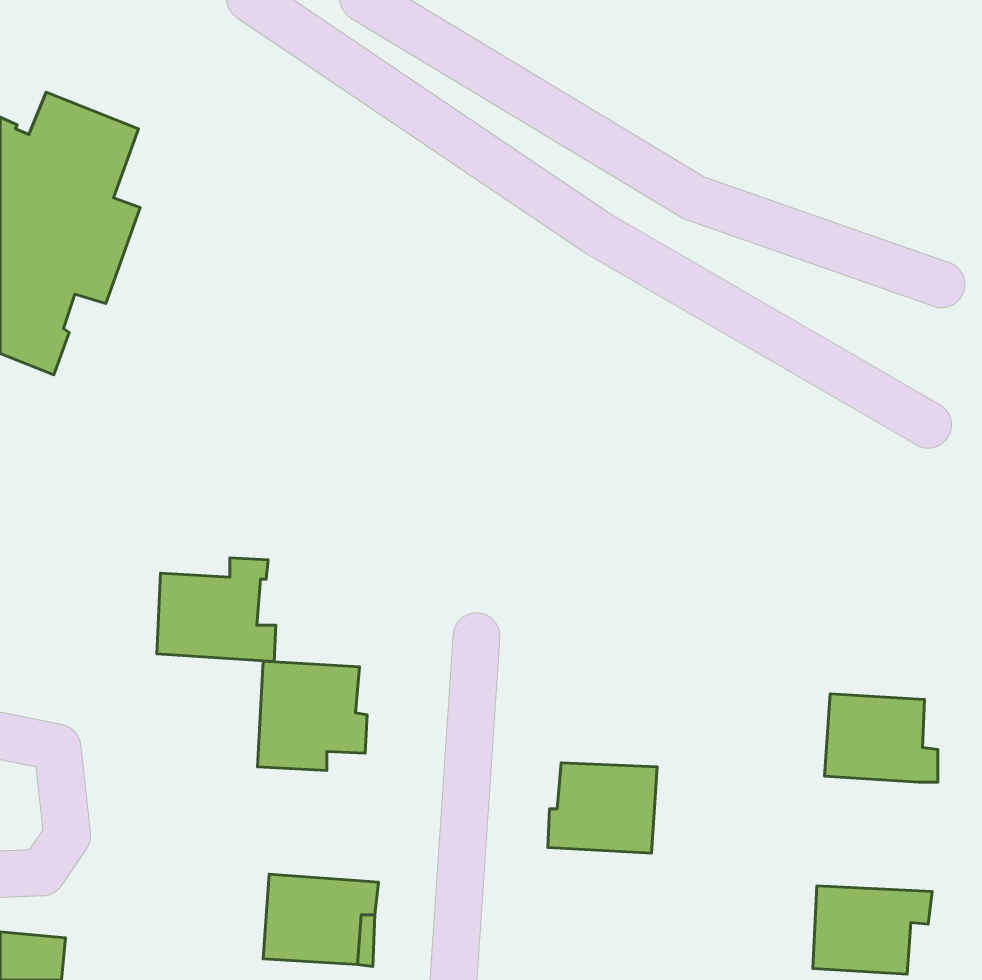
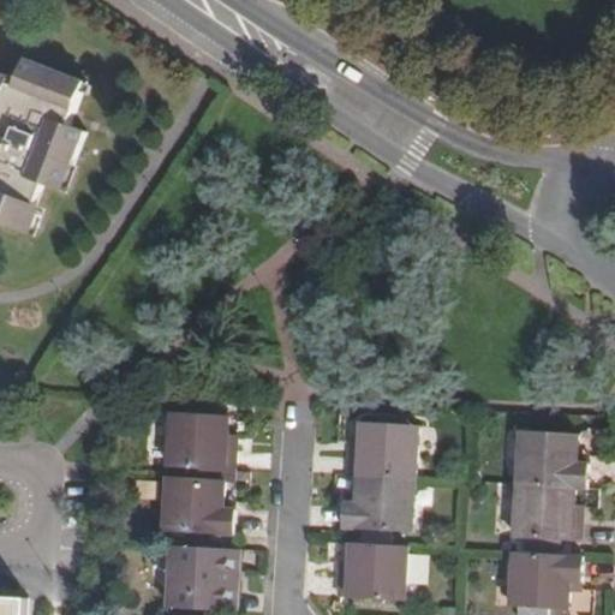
building: [157,558,276,662] -> [159,470,233,535]
building: none -> [346,426,413,479]
building: none -> [513,485,579,543]
building: none -> [339,543,404,596]

